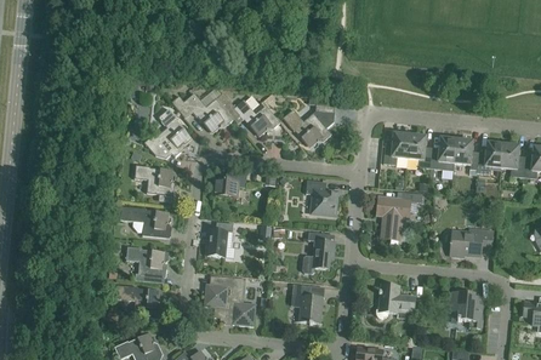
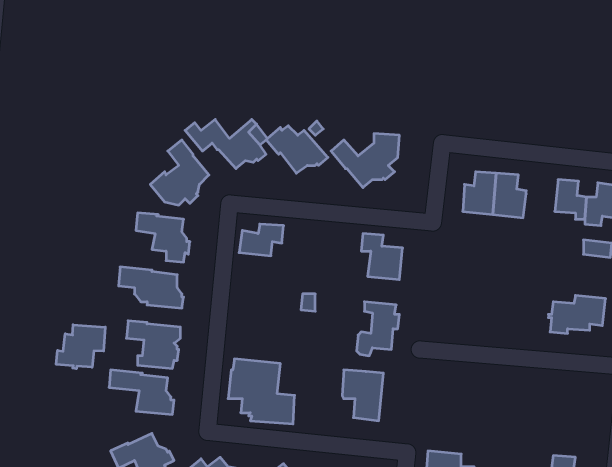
building: [429,137,456,170] -> none
building: [374,189,422,240] -> none
building: [206,221,233,256] -> none
building: none -> [56,325,105,369]
building: [377,284,415,319] -> none
building: [450,291,483,327] -> none

